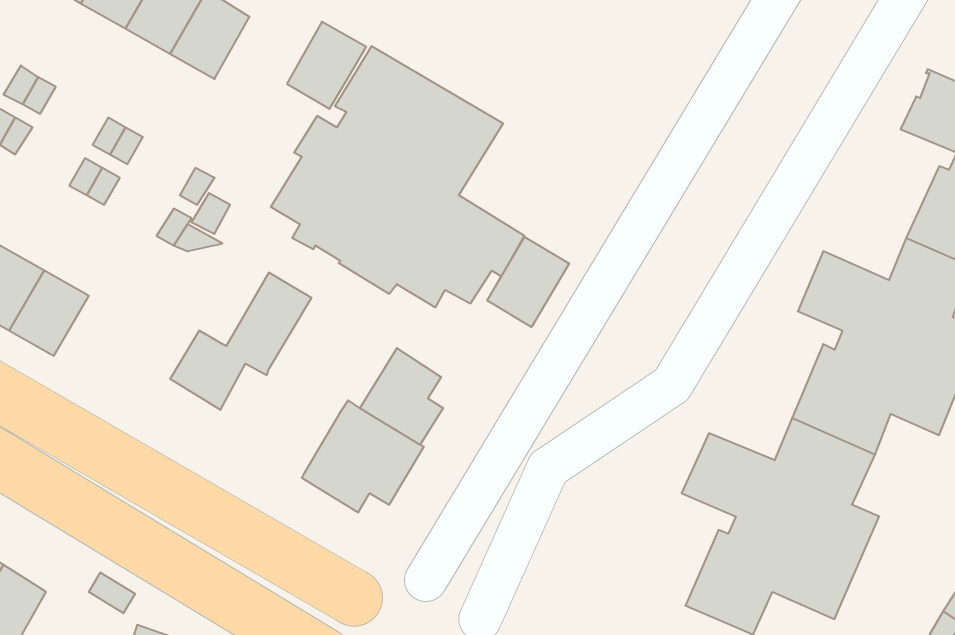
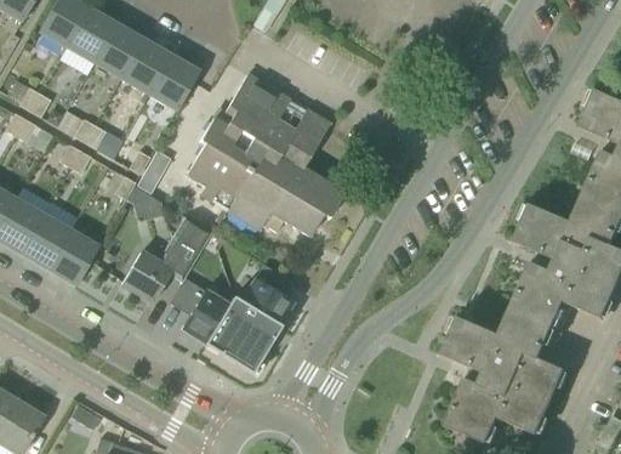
building: [287,22,366,109] -> [149,56,199,110]
building: [487,237,569,327] -> none
building: none -> [49,220,98,285]
building: none -> [169,277,228,342]

